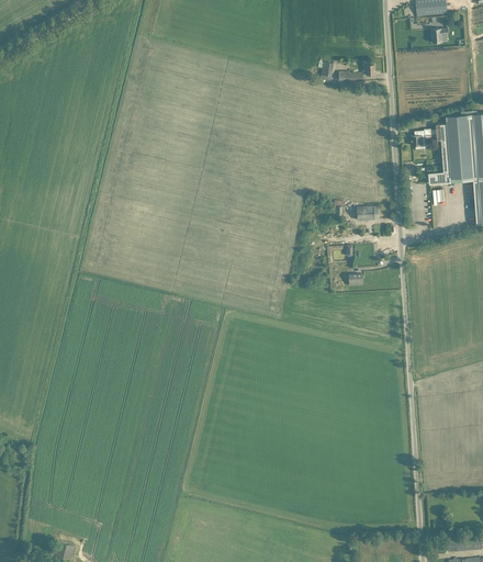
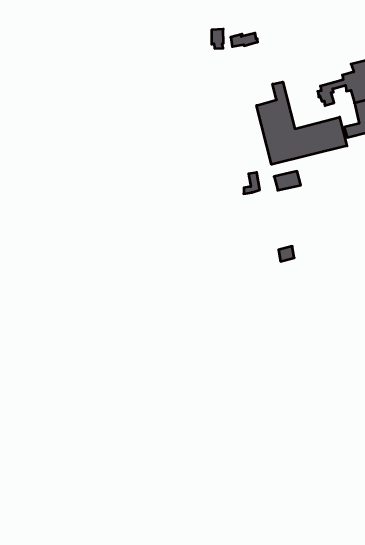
building: none -> [257,82,347,164]

